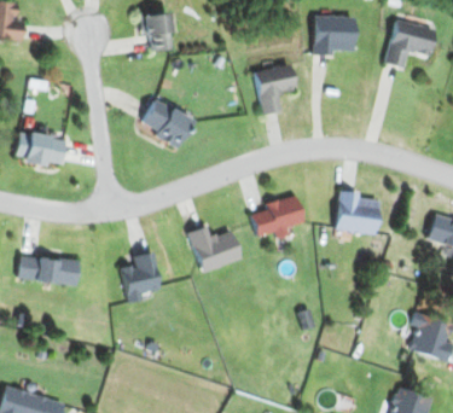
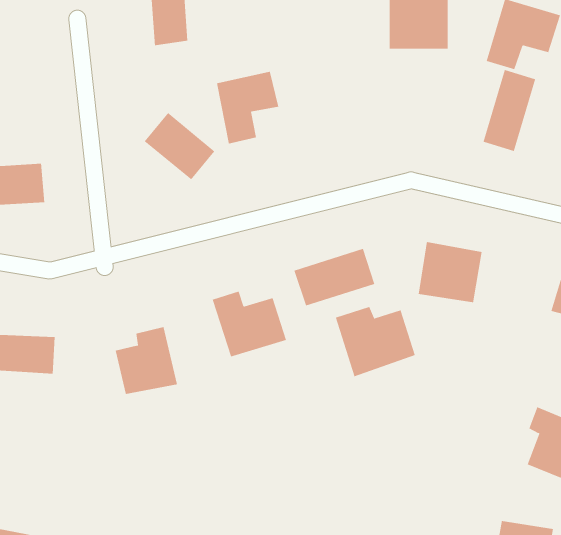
building: [252,64,297,116] -> [216,71,279,144]
building: none -> [483,69,536,152]
building: none -> [335,306,415,377]

